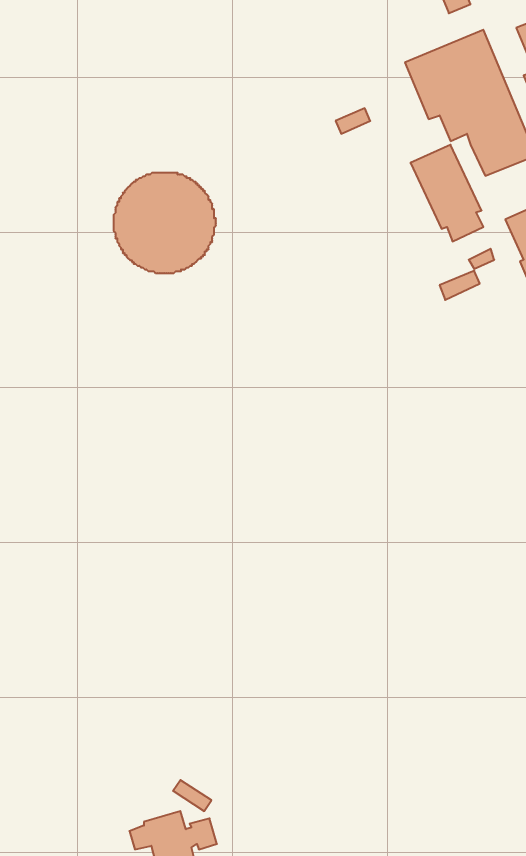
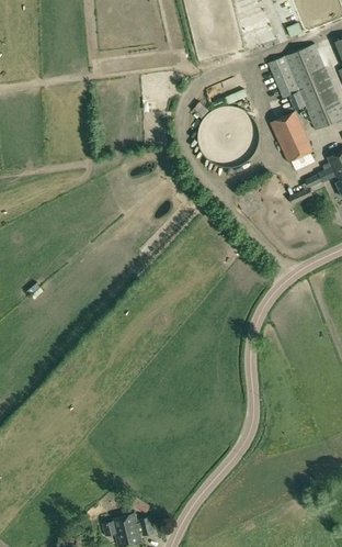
building: [114,173,216,273] -> [198,108,260,168]

